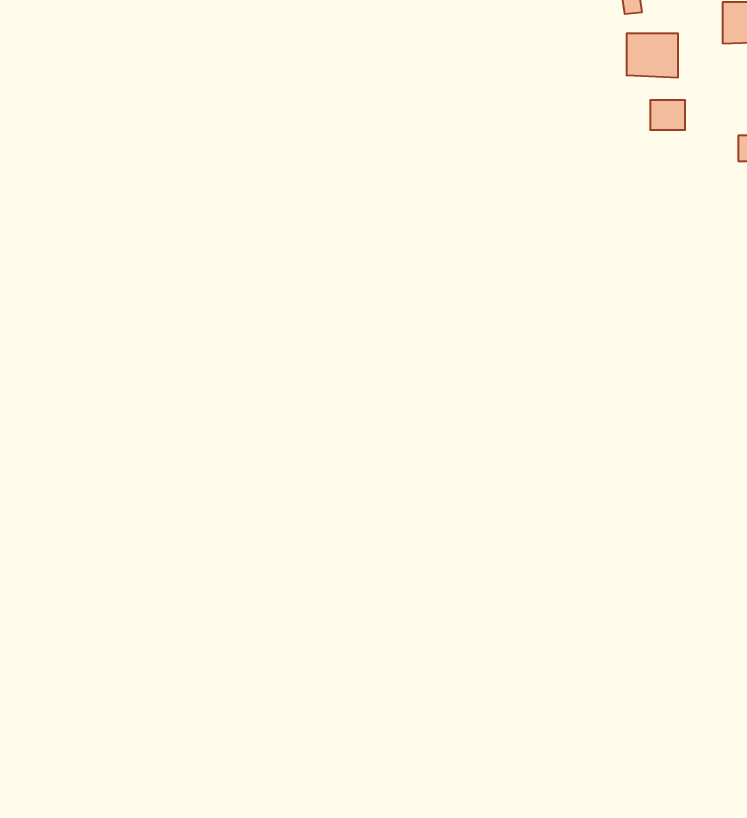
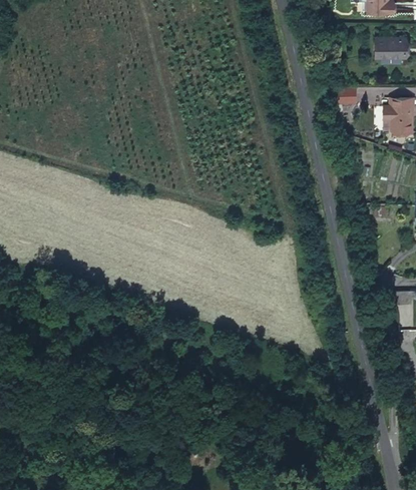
building: [627,33,678,78] -> none

